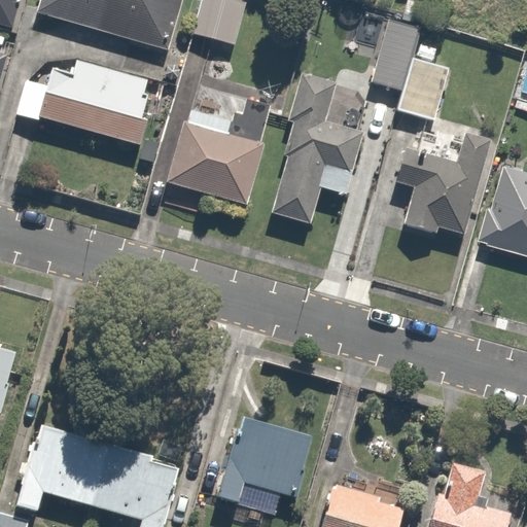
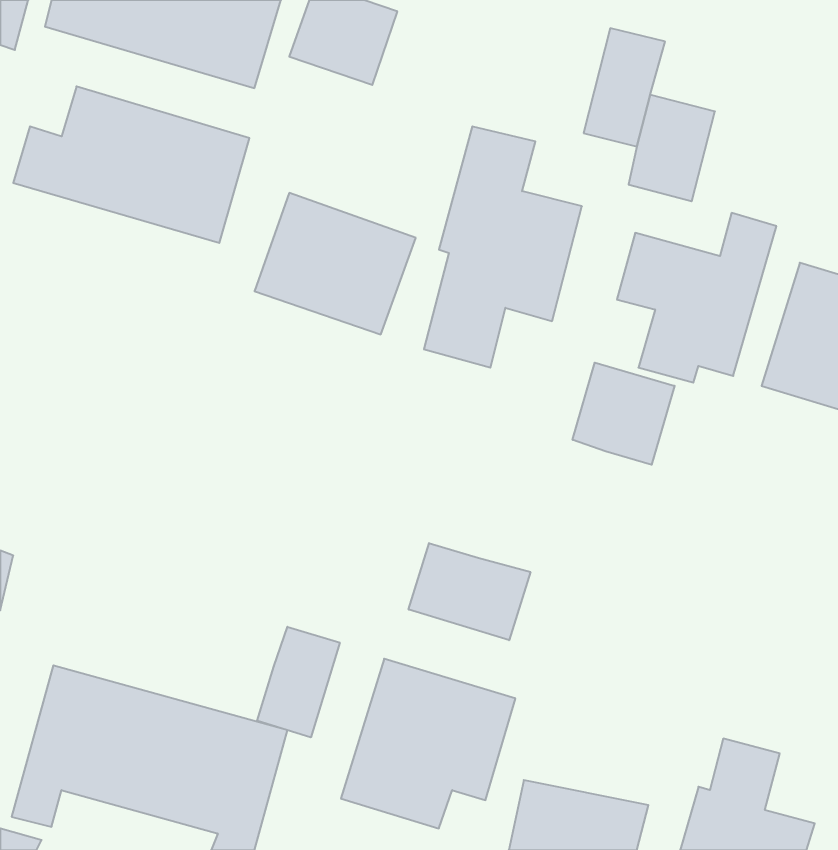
building: none -> [573,363,675,465]
building: none -> [409,543,530,640]
building: none -> [257,627,340,737]

